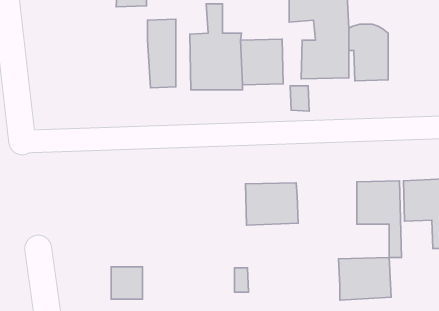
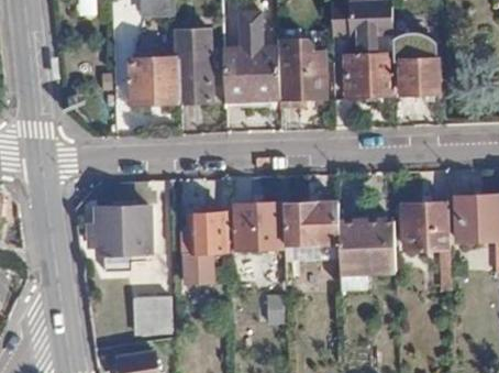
building: none -> [130,50,179,101]
building: none -> [235,206,279,253]
building: none -> [86,213,151,264]
building: none -> [182,215,230,285]
building: [339,258,391,300] -> [339,218,396,264]

